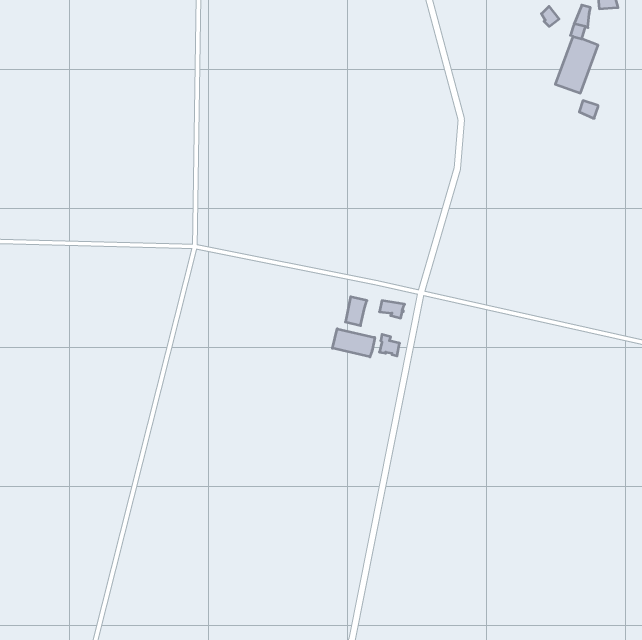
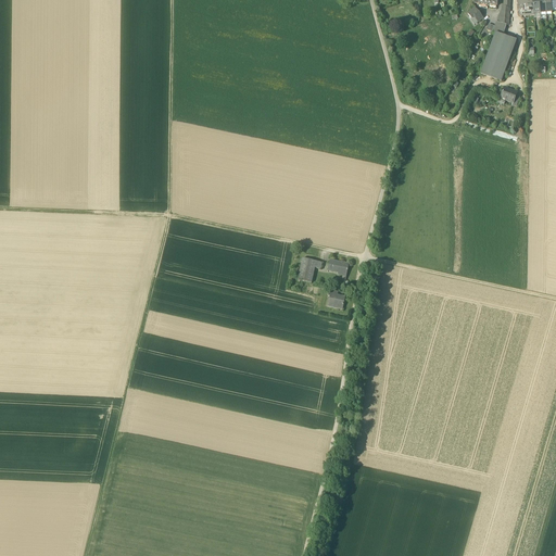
building: [332,329,375,357] -> none

